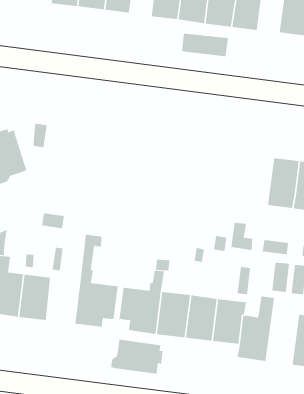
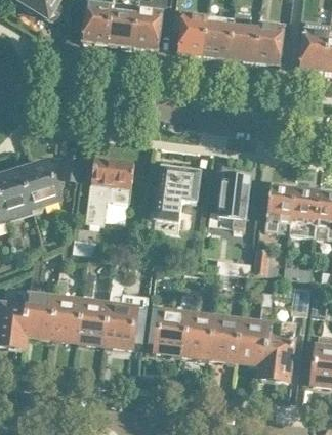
building: [181,33,228,57] -> none
building: none -> [86,158,134,224]
building: none -> [144,165,200,232]
building: none -> [216,174,251,229]
building: none -> [265,184,294,232]
building: none -> [78,301,110,345]
building: [110,339,163,375] -> none

